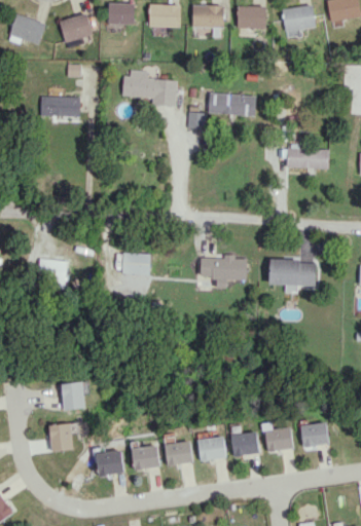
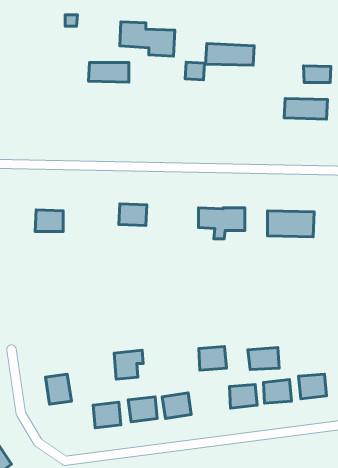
building: [40,97,80,116] -> [88,62,129,82]
building: none -> [304,66,331,83]
building: [62,381,91,410] -> [114,350,143,379]
building: none -> [248,347,279,369]
building: [198,437,226,460] -> [199,346,227,370]

